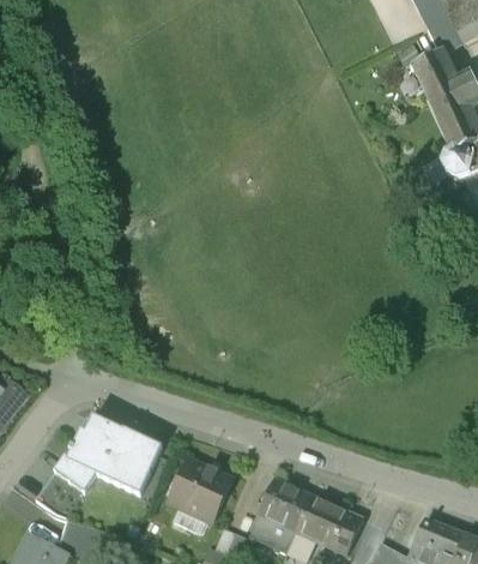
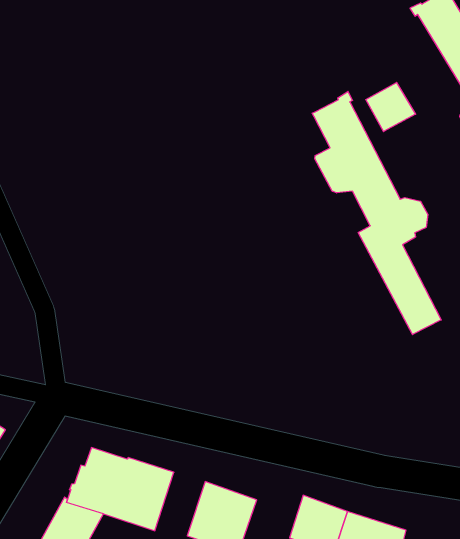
building: none -> [366,82,416,132]
building: none -> [312,91,441,335]

